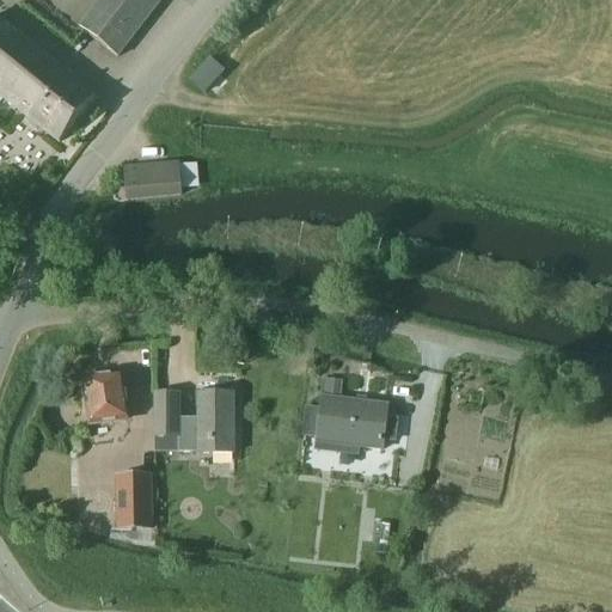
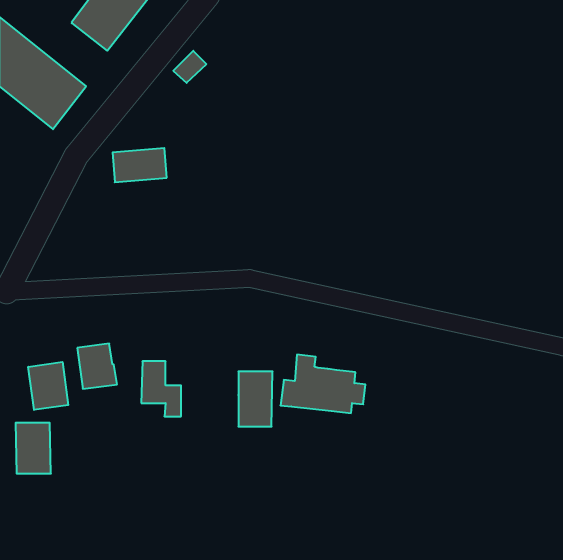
building: [196,391,233,451] -> [238,371,273,427]
building: none -> [28,362,68,410]
building: [115,473,153,528] -> [16,423,51,474]

